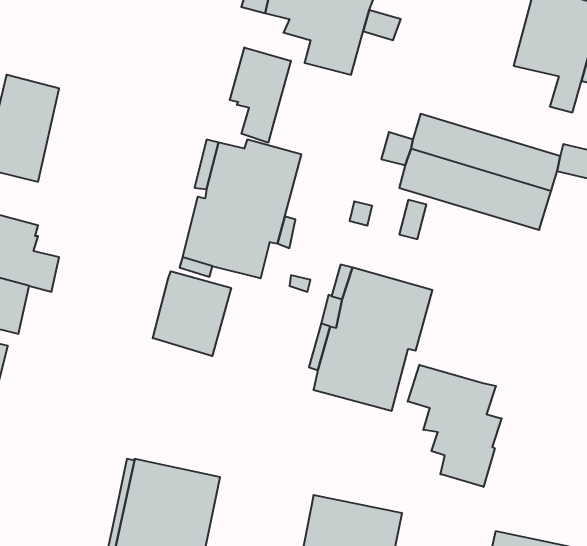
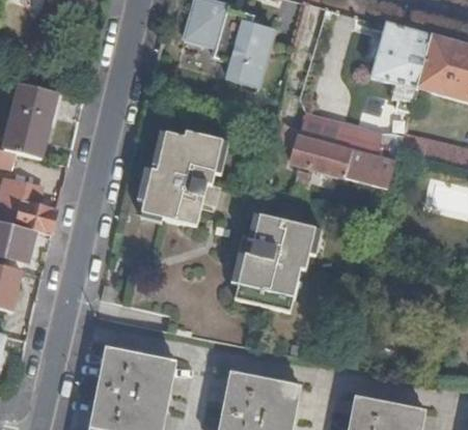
building: [230,47,291,143] -> none
building: [153,271,231,356] -> none
building: [408,365,502,487] -> none

